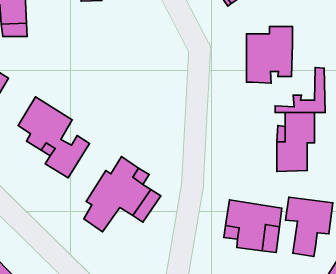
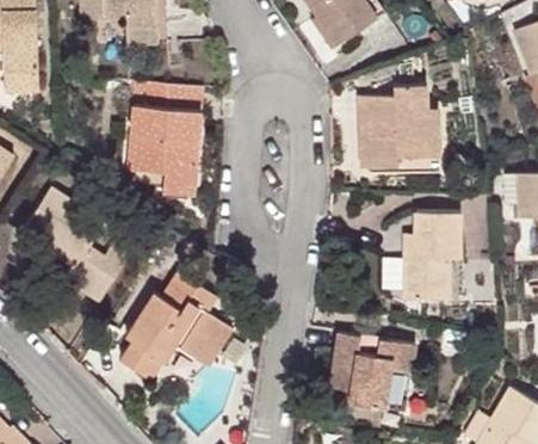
building: none -> [128,82,198,196]
building: [275,67,325,112] -> [369,105,441,171]
building: [286,197,333,257] -> none

